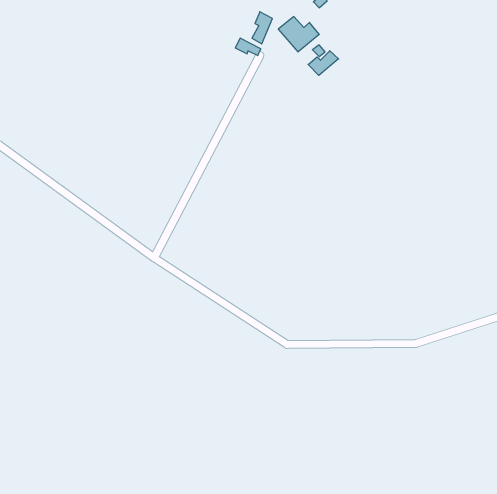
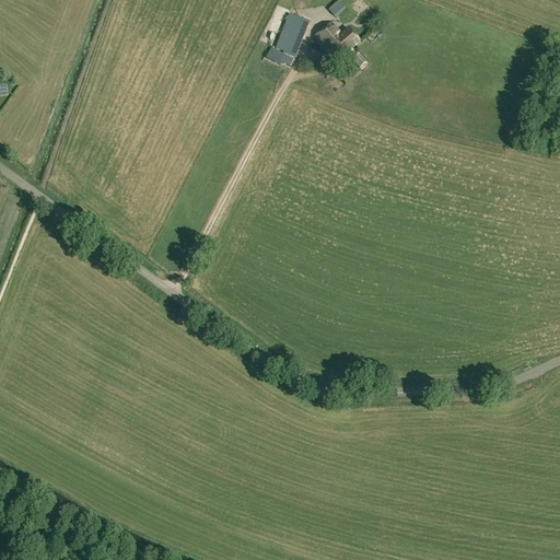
building: [308,51,339,75] -> none

